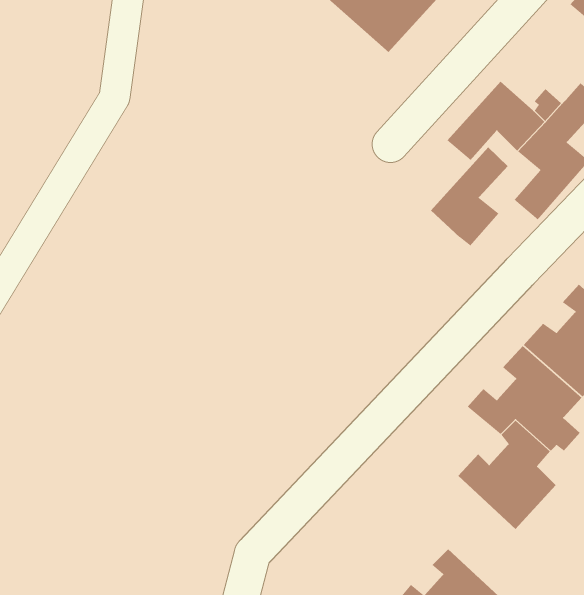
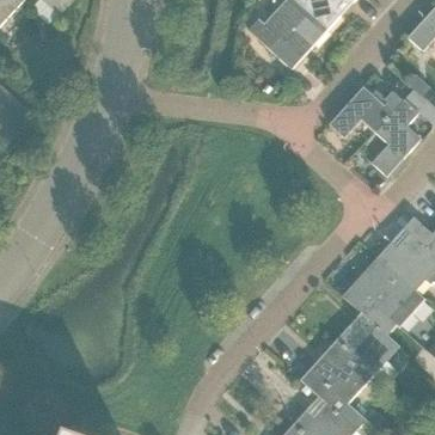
building: [430,146,508,247] -> none
building: none -> [300,338,373,402]

